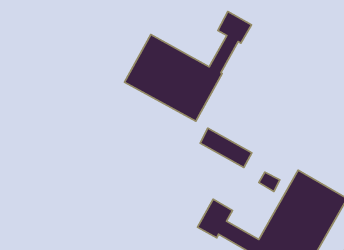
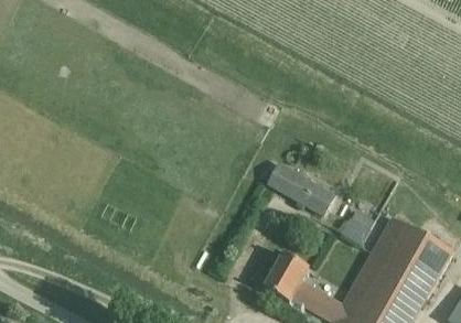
building: [125,12,251,121] -> none

